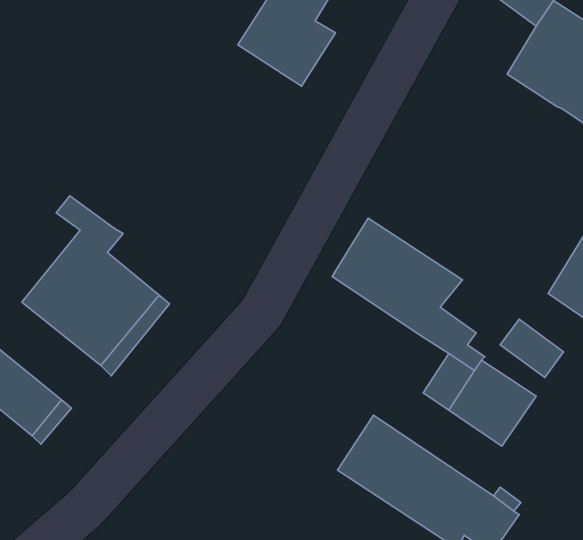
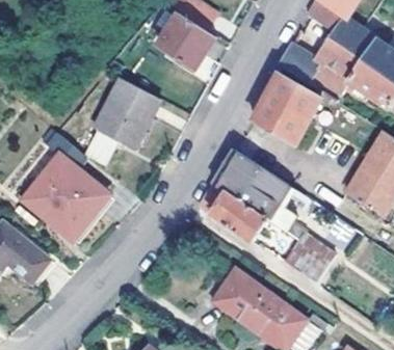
building: none -> [279,43,351,102]
building: none -> [252,73,321,143]
building: none -> [80,78,159,166]
building: none -> [199,183,266,242]

